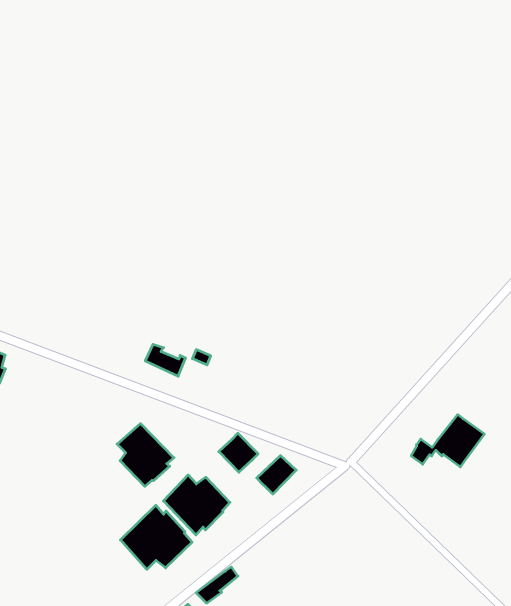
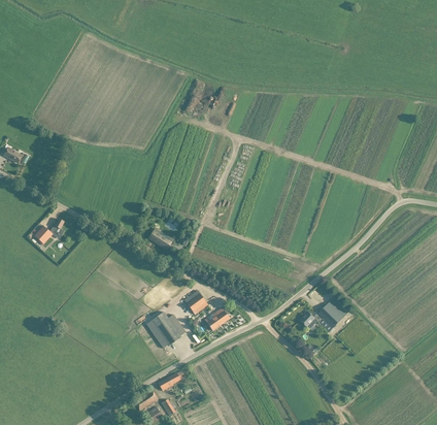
building: [117,424,174,486] -> none
building: [120,505,192,569] -> none

